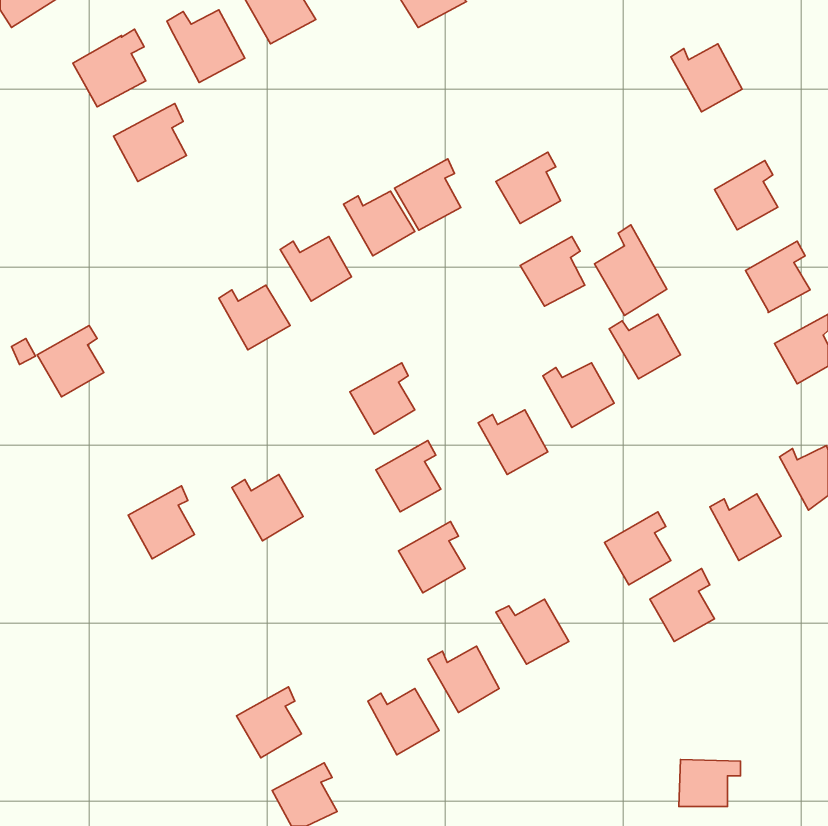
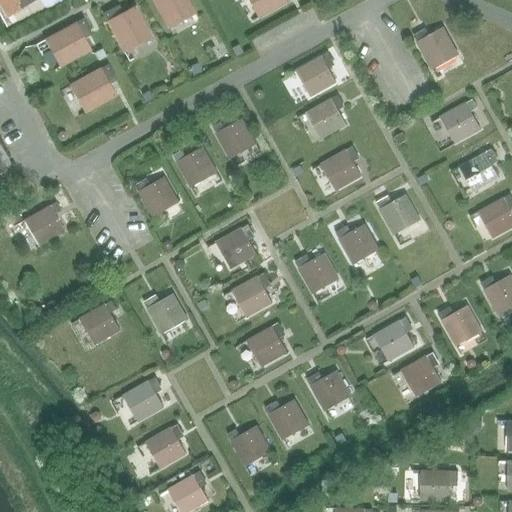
building: [394,159,461,230] -> [295,52,336,96]
building: [595,225,667,316] -> none
building: none -> [123,377,163,421]

